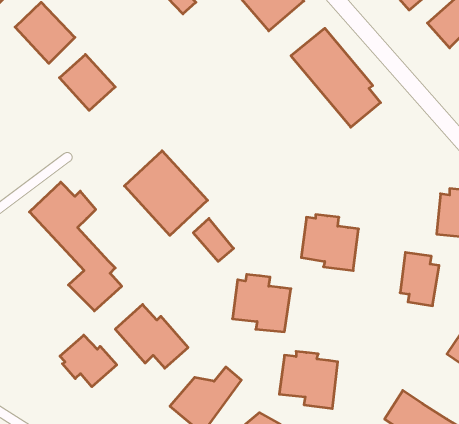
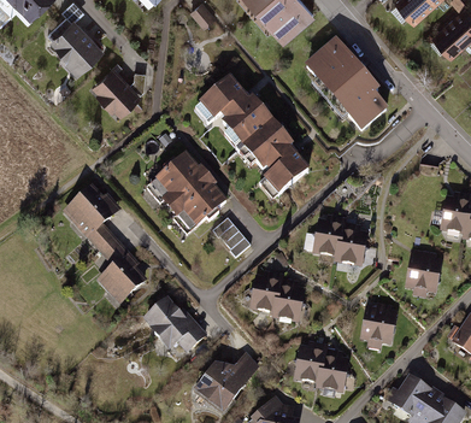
building: none -> [196,76,306,198]
building: none -> [359,302,398,348]
building: [60,335,117,387] -> none

